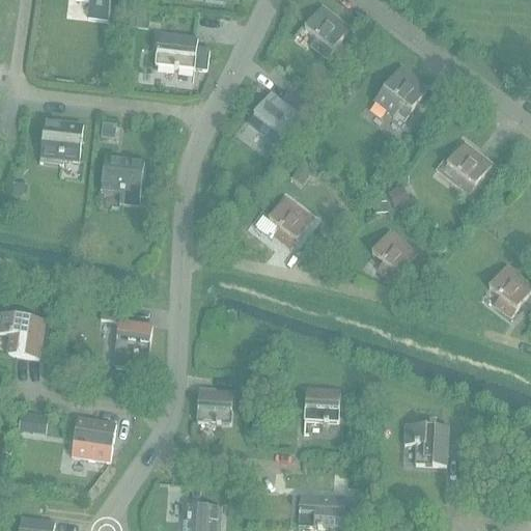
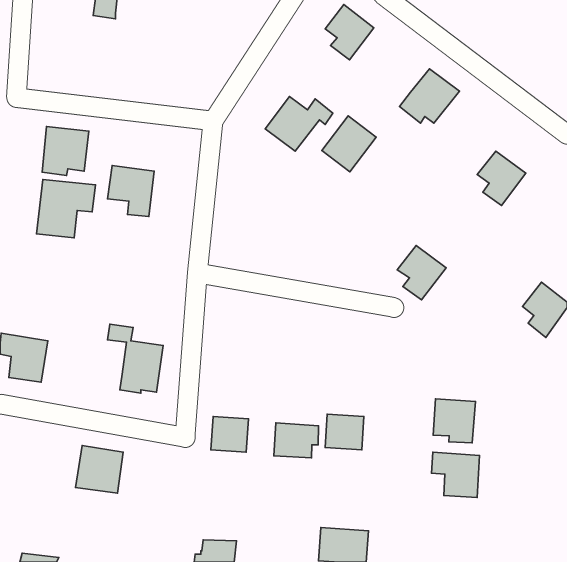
building: [155,31,209,68] -> none
building: none -> [322,116,376,172]
building: none -> [37,180,95,238]
building: [269,195,313,247] -> none
building: none -> [433,399,475,443]
building: none -> [274,423,319,458]

